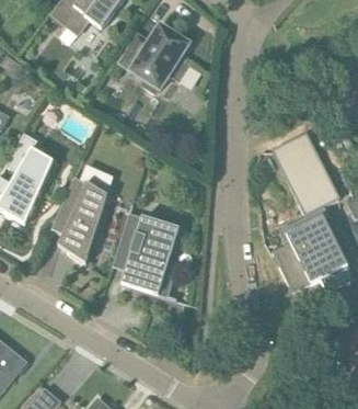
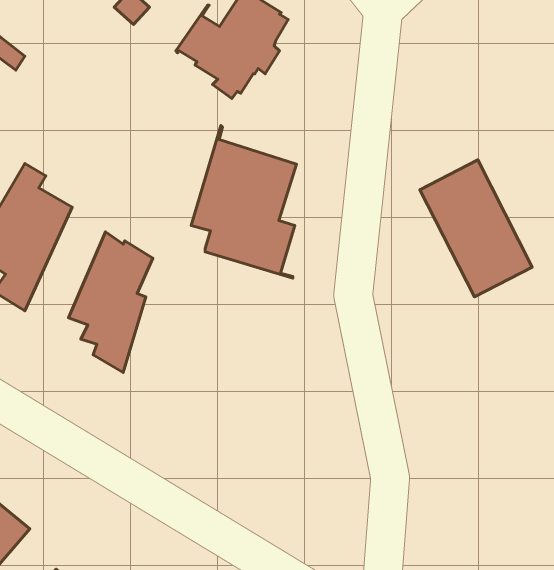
building: [113,204,178,299] -> [191,126,296,278]
building: [273,215,347,284] -> none

